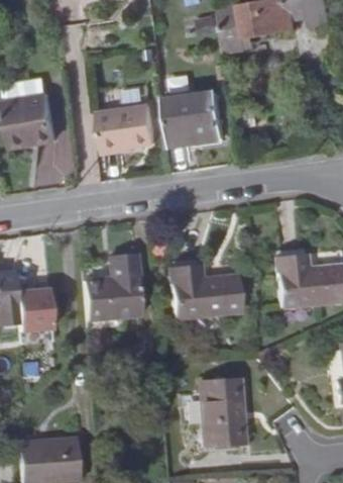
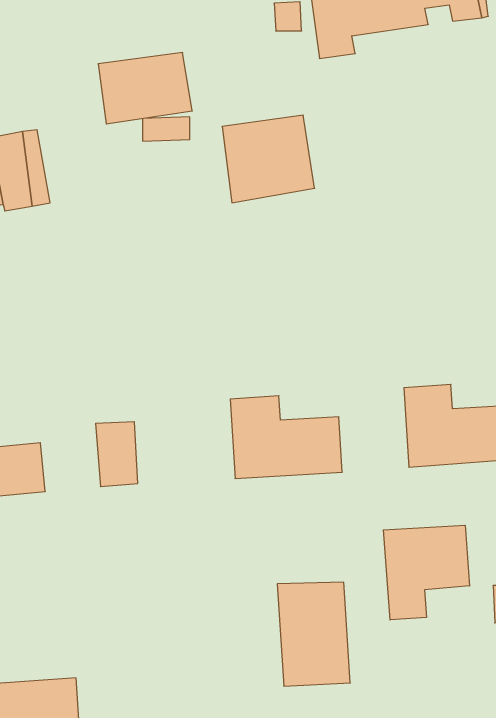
building: [95,108,153,153] -> [98,53,192,124]
building: [110,253,147,317] -> none
building: none -> [383,525,470,620]

